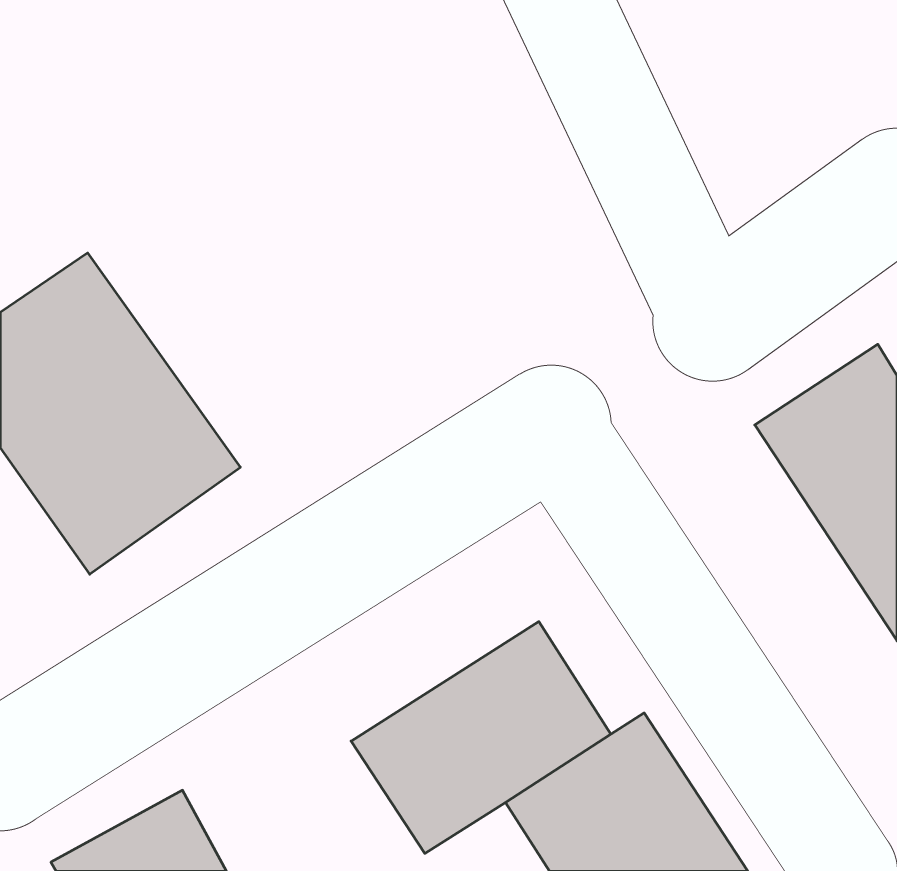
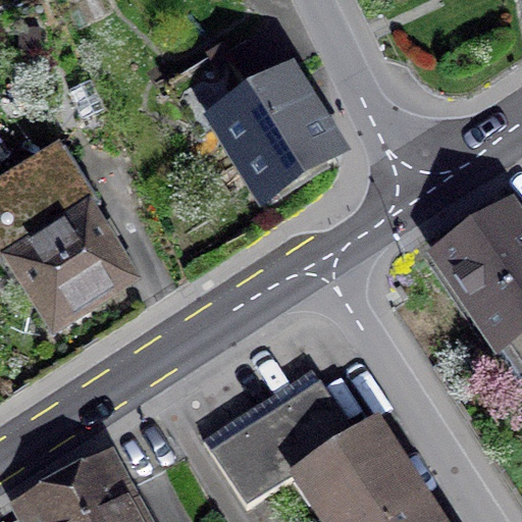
building: none -> [198,65,345,209]

